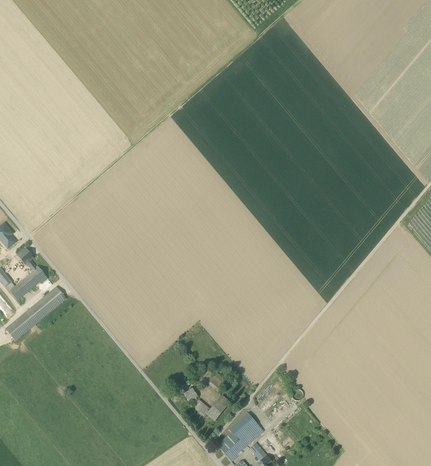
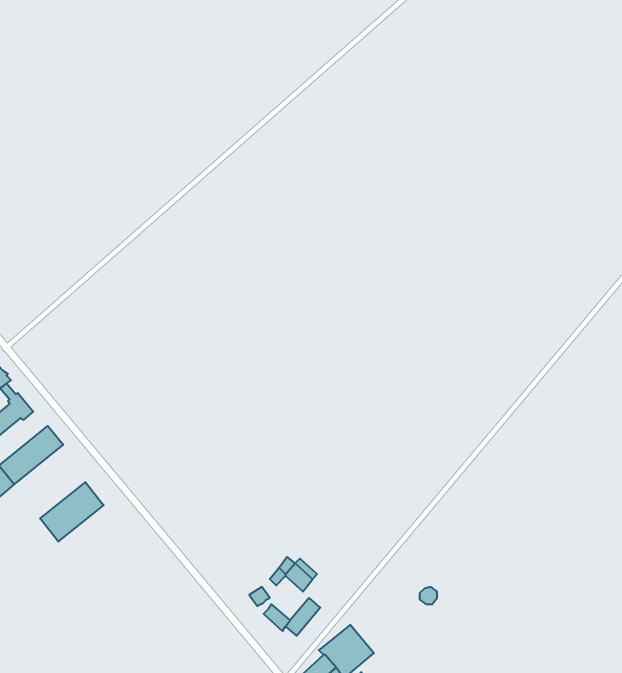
building: none -> [40,482,104,542]

